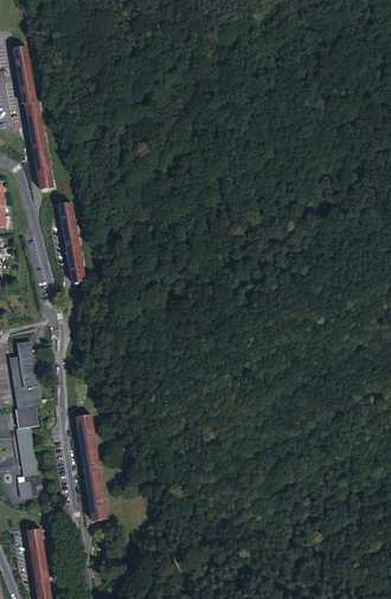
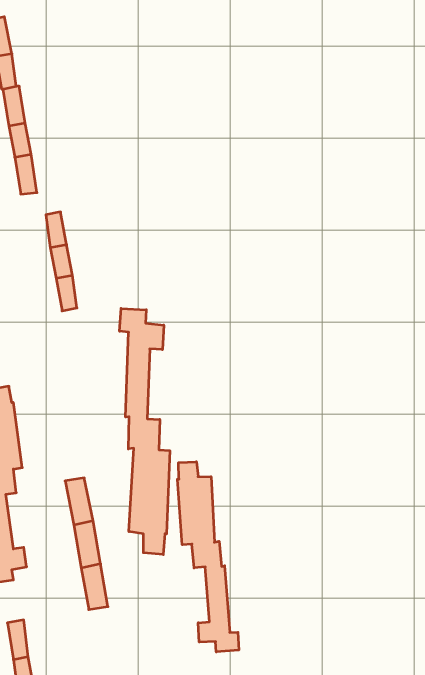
building: none -> [120,308,170,555]
building: none -> [177,462,239,652]

